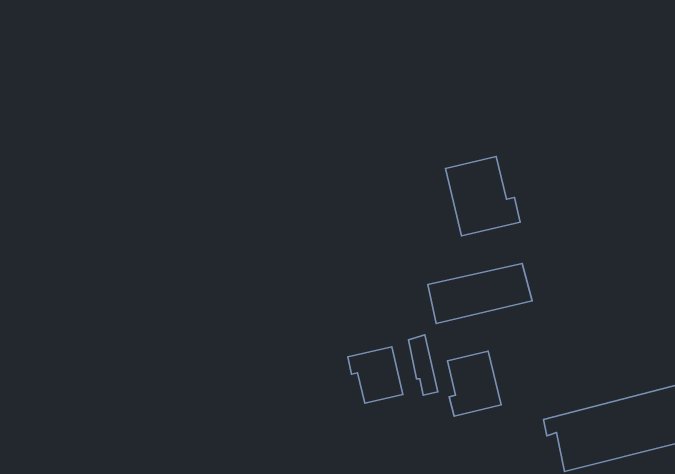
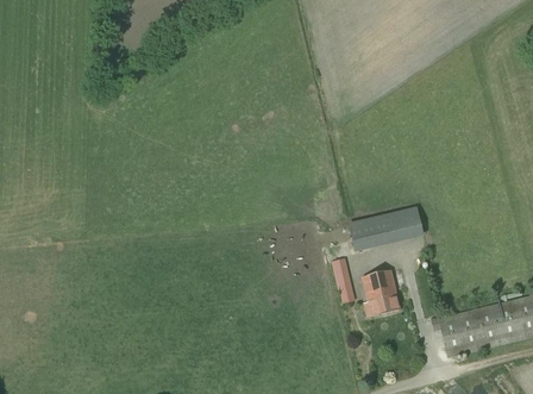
building: [445,156,520,236] -> none
building: [348,347,403,403] -> none

